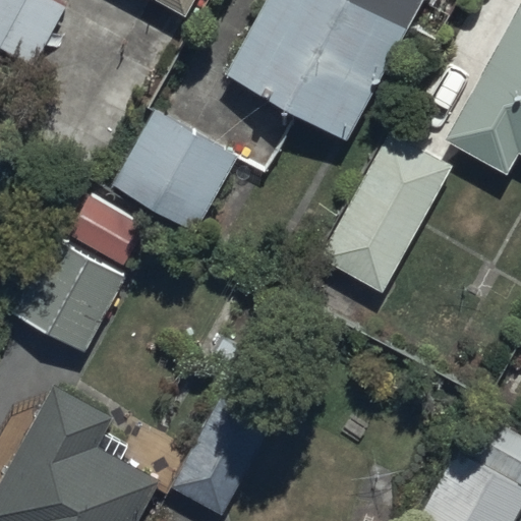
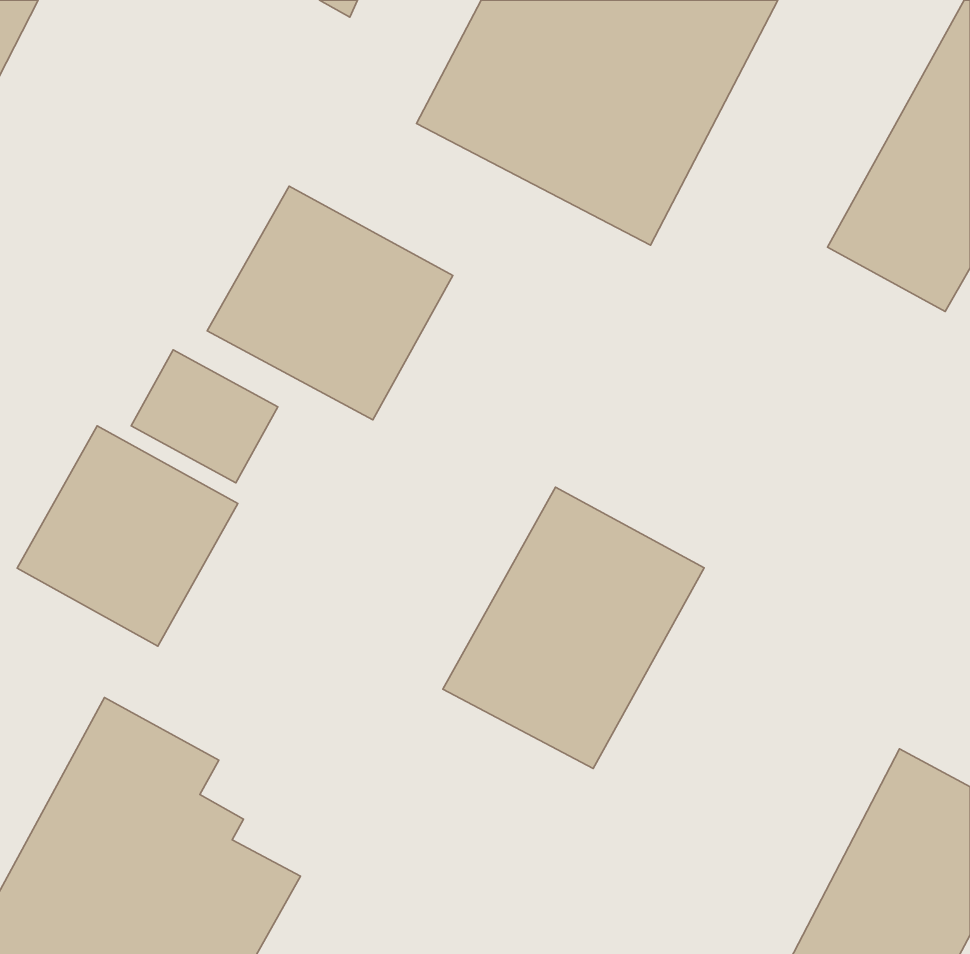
building: [319,133,451,295] -> none
building: none -> [443,487,704,769]
building: [169,394,274,516] -> none

